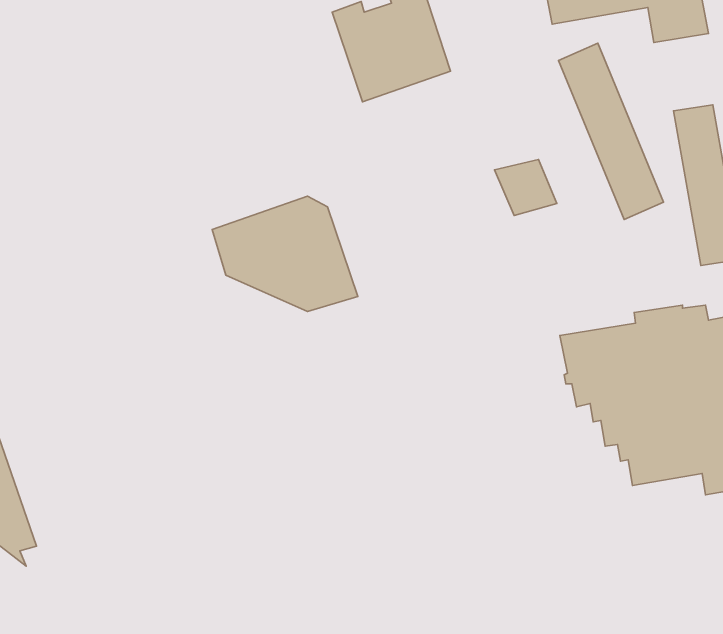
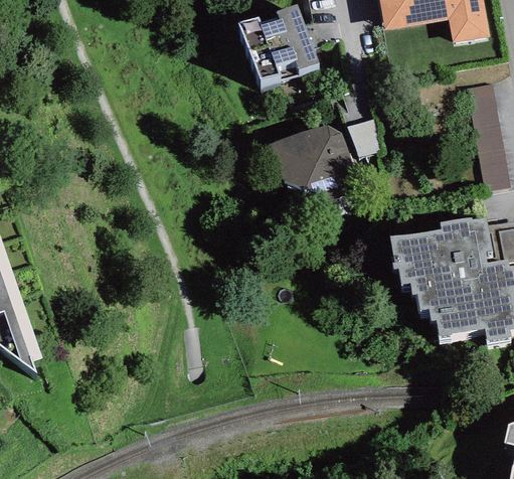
building: [558,43,663,219] -> none
building: [212,196,358,312] -> [264,125,360,201]

